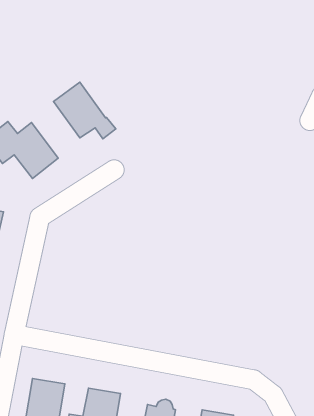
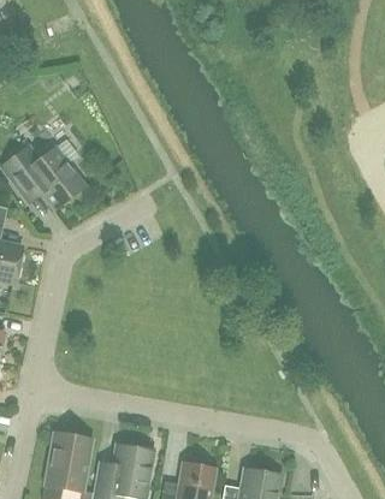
building: [54,82,116,139] -> none

